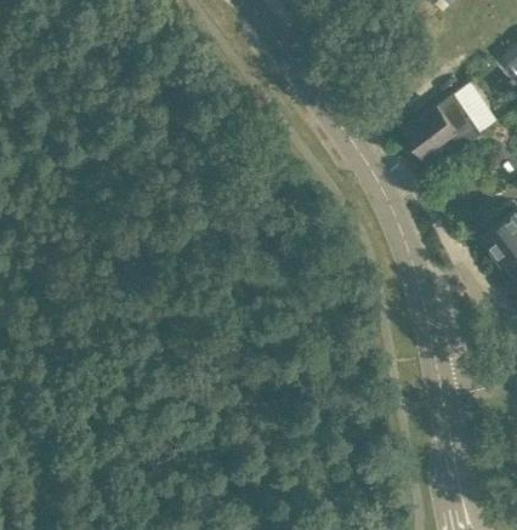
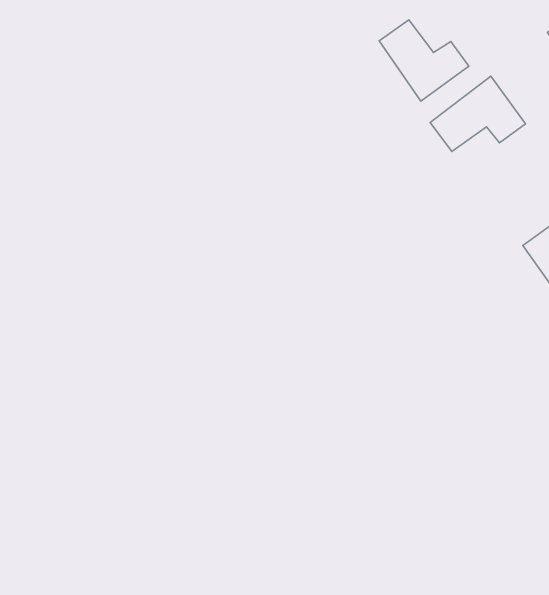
building: none -> [379,20,469,101]

